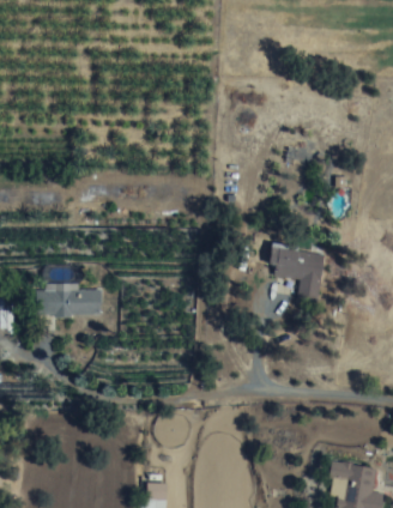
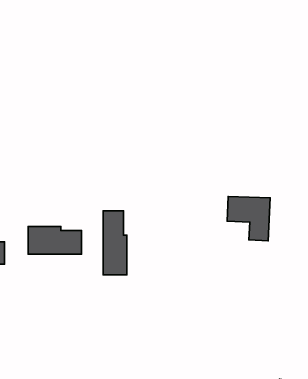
building: none -> [103,211,127,275]

